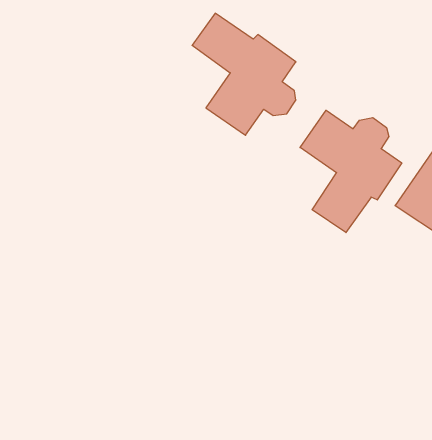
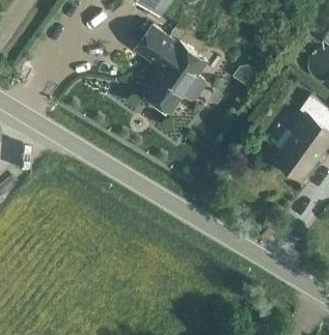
building: [300,110,402,233] -> none

